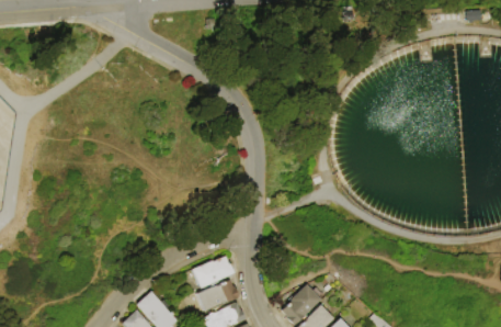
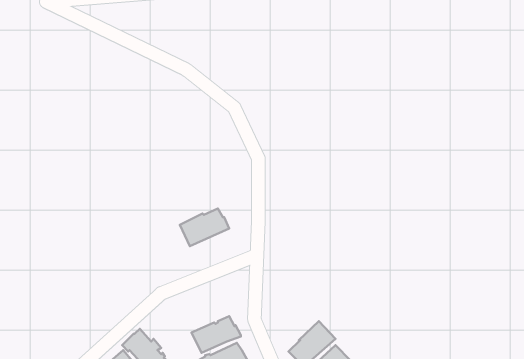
building: [193,255,236,287] -> [180,208,229,246]

